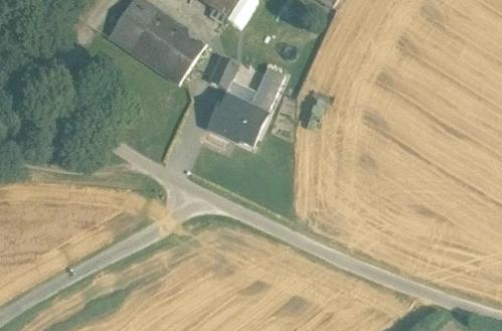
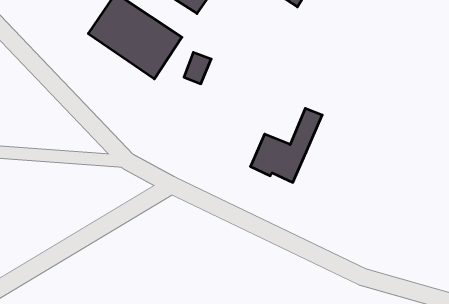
building: [207,67,284,146] -> [250,108,322,182]

